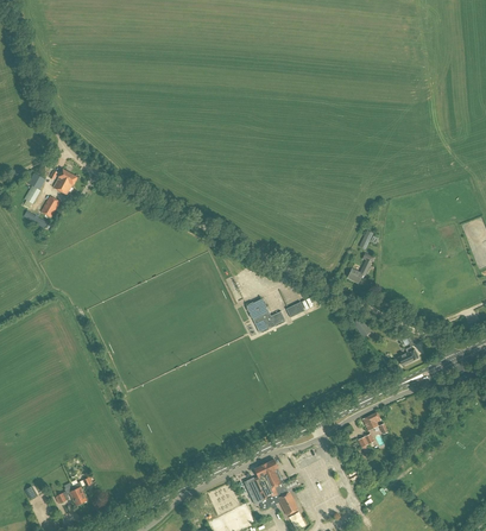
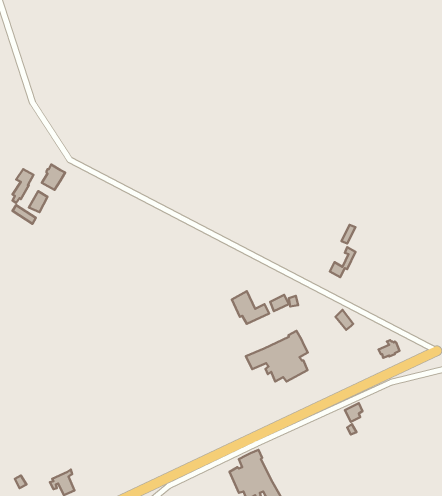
building: none -> [246,331,308,382]

